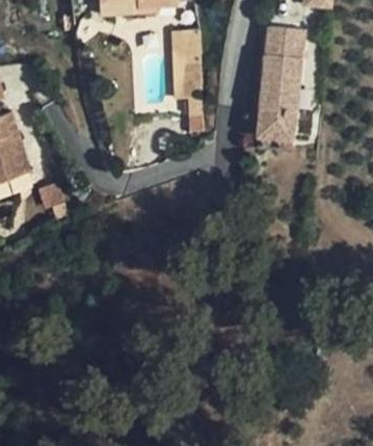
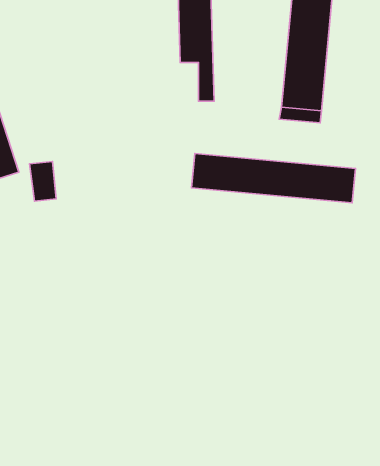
building: none -> [192,154,356,203]

